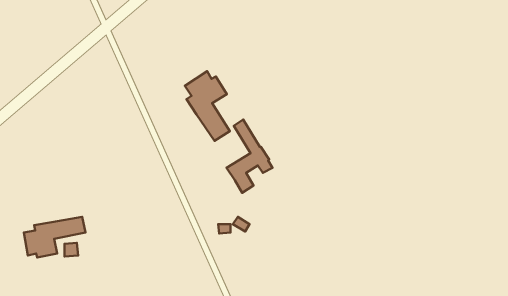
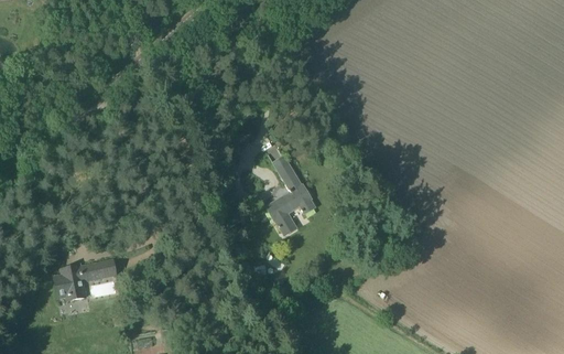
building: [185,71,230,141] -> none

